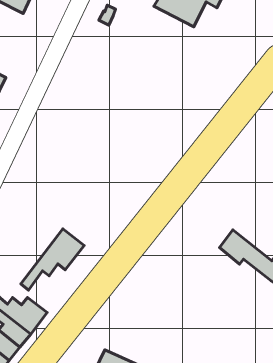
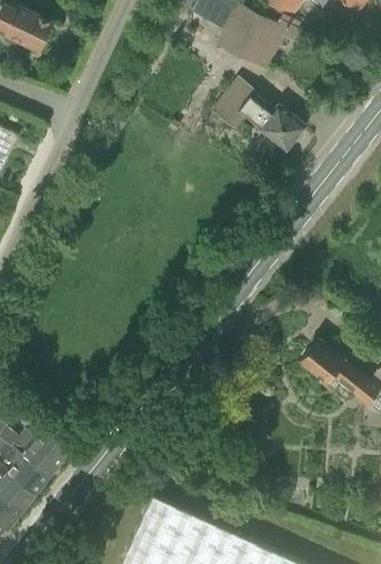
building: none -> [209,76,305,151]
building: [21,229,84,290] -> none

